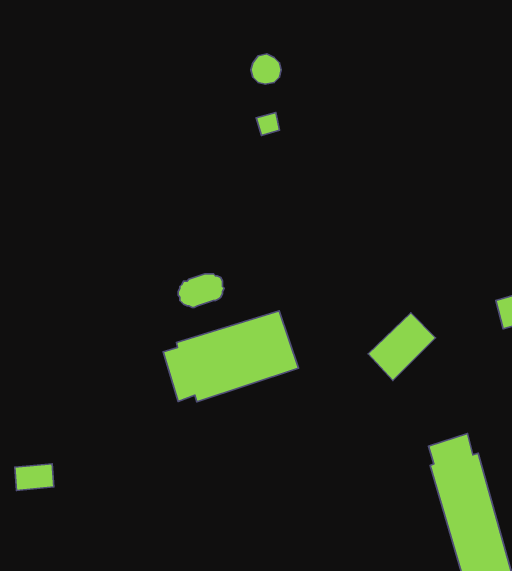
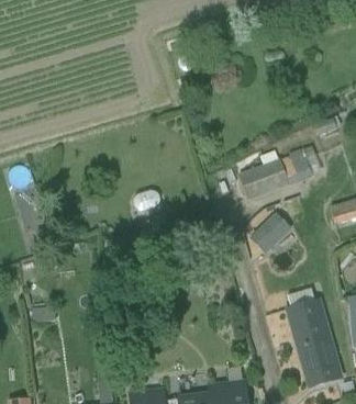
building: none -> [237,145,322,200]
building: [163,311,299,402] -> none

